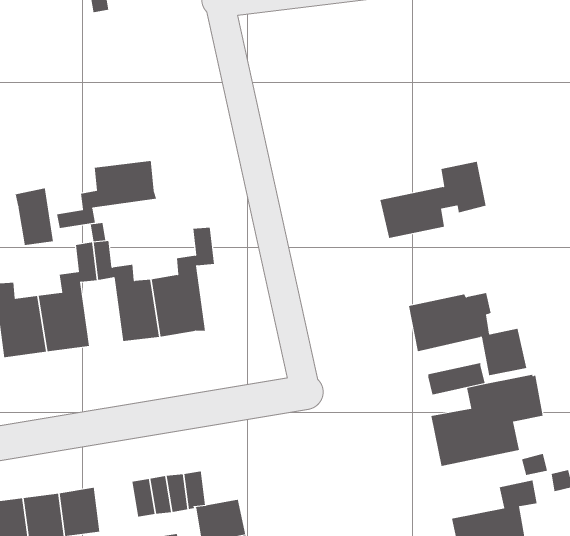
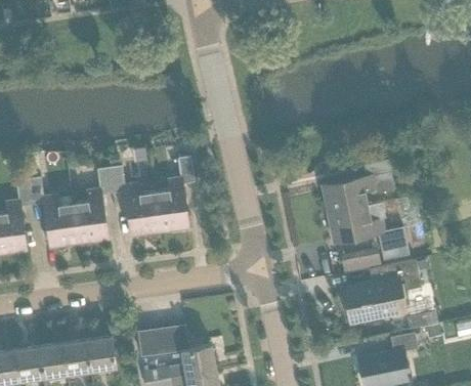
building: [56,160,157,229] -> none
building: [379,161,487,239] -> [322,159,395,212]
building: [15,188,54,246] -> none

